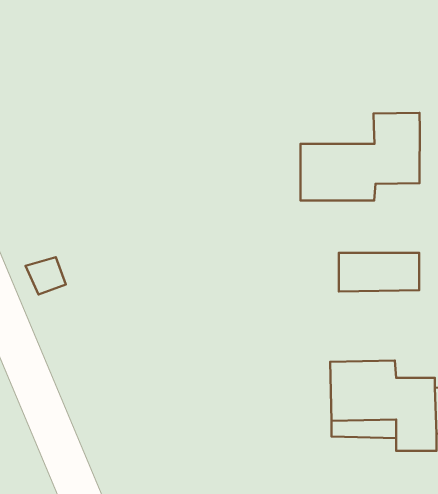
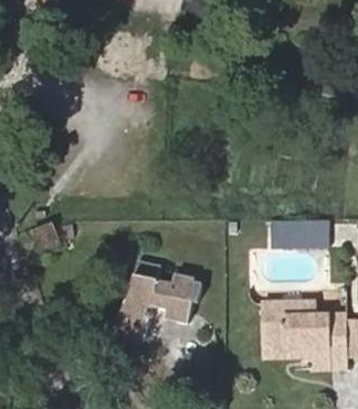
building: [300,113,420,200] -> none
building: none -> [108,259,201,338]

